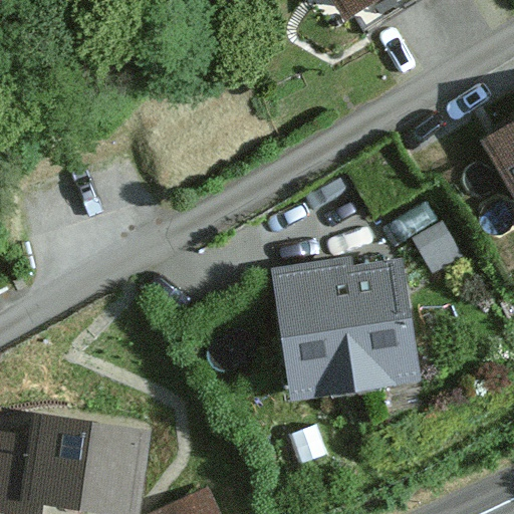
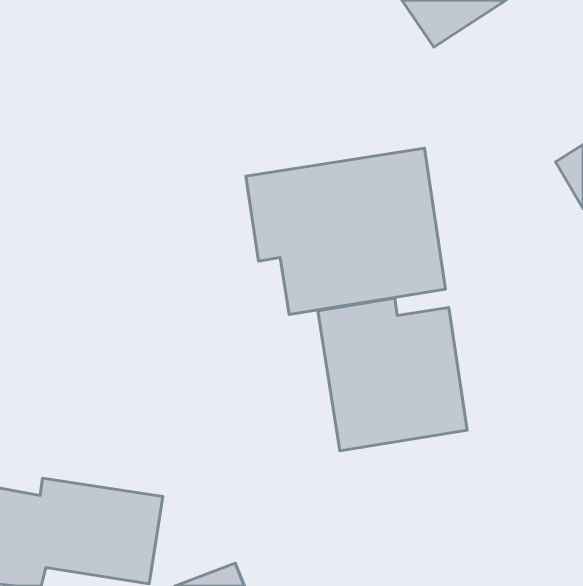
building: none -> [246,148,446,314]

